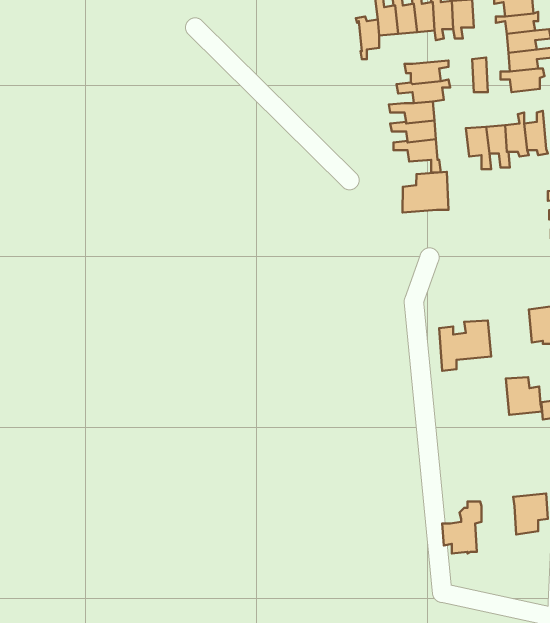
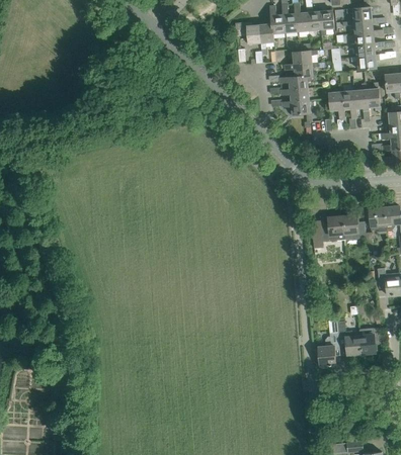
building: none -> [235,22,261,44]
building: [403,172,448,213] -> none
building: [506,377,542,415] -> [342,215,366,240]
building: none -> [336,321,360,355]

